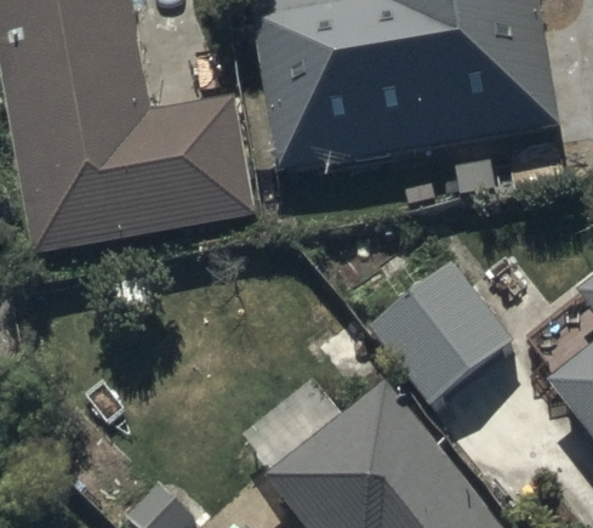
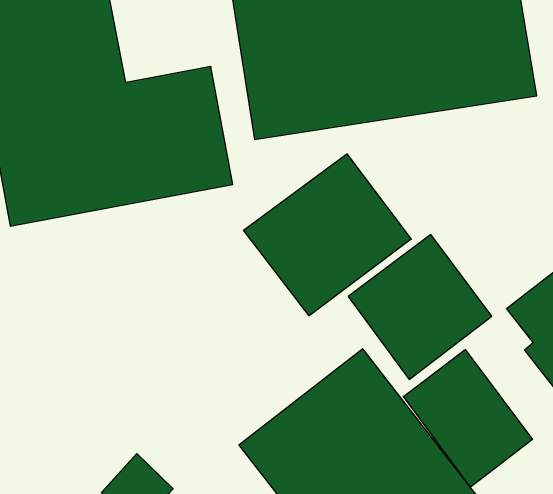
building: none -> [244,154,411,316]
building: none -> [403,350,532,487]

